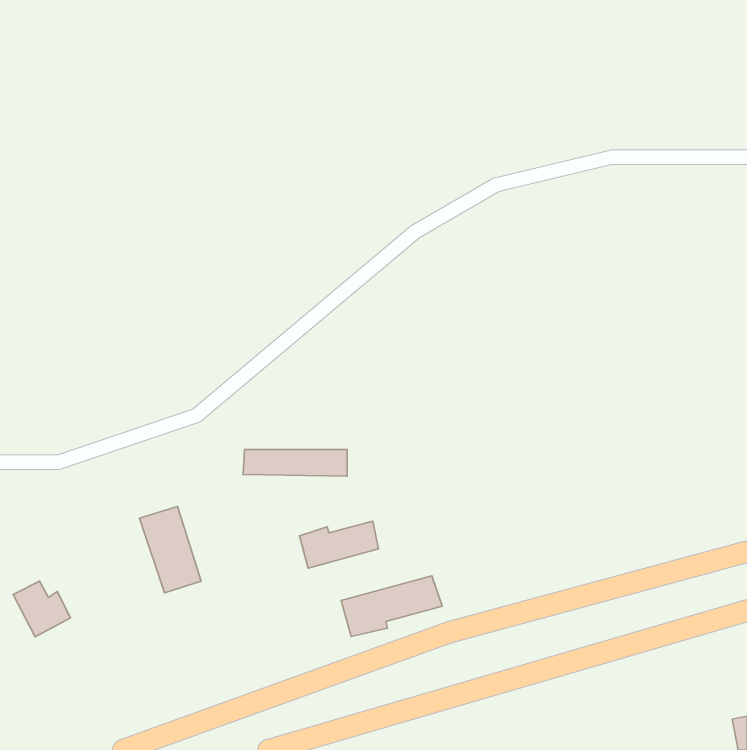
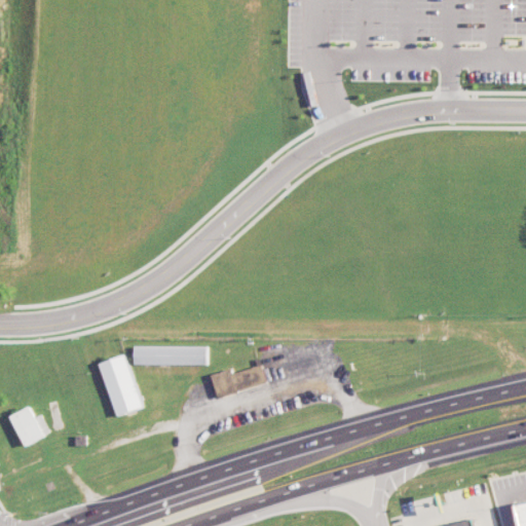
building: [243,450,347,476] -> [133,346,205,365]
building: [341,576,442,637] -> none

